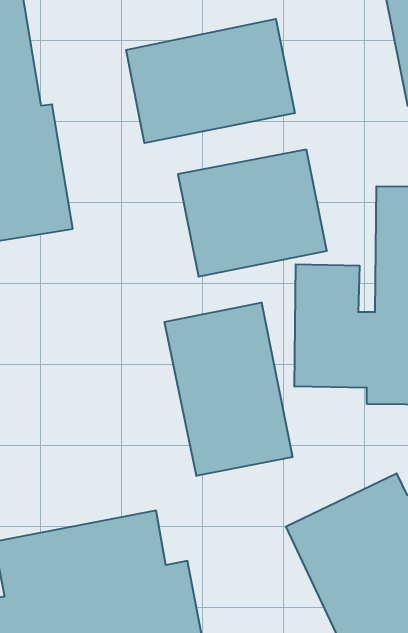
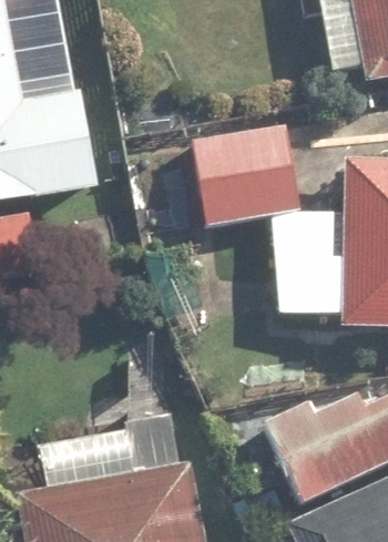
building: [126,19,295,143] -> none
building: [165,302,292,476] -> none

